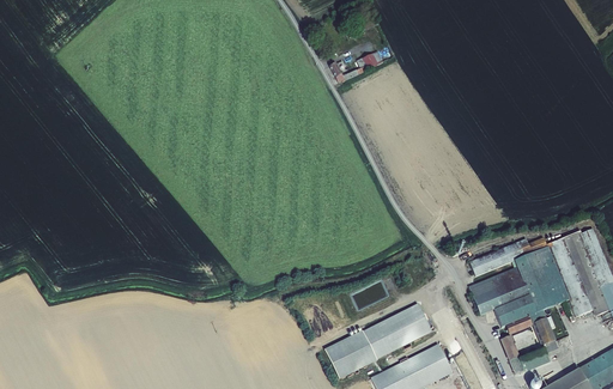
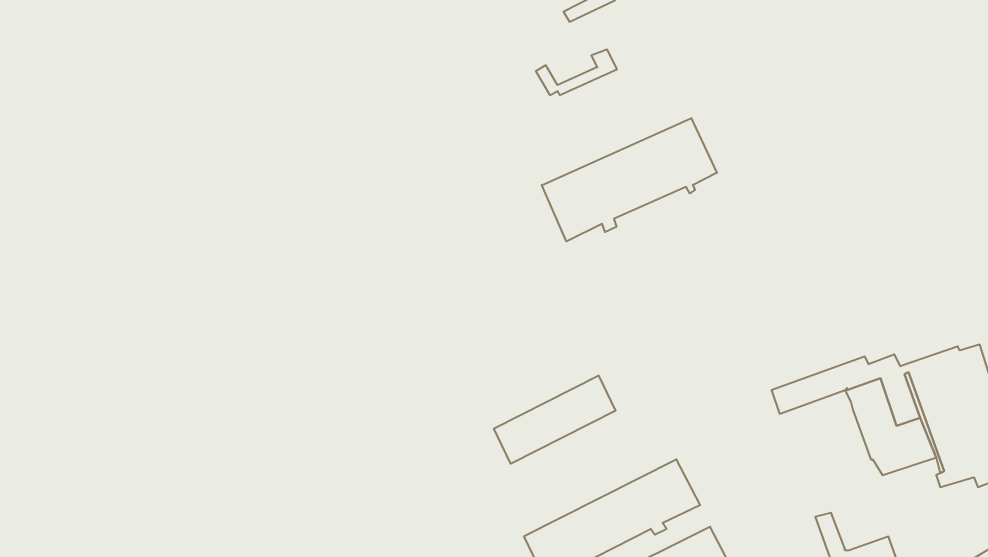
building: none -> [542,118,717,241]
building: none -> [494,376,615,464]
building: [472,267,556,344] -> none

